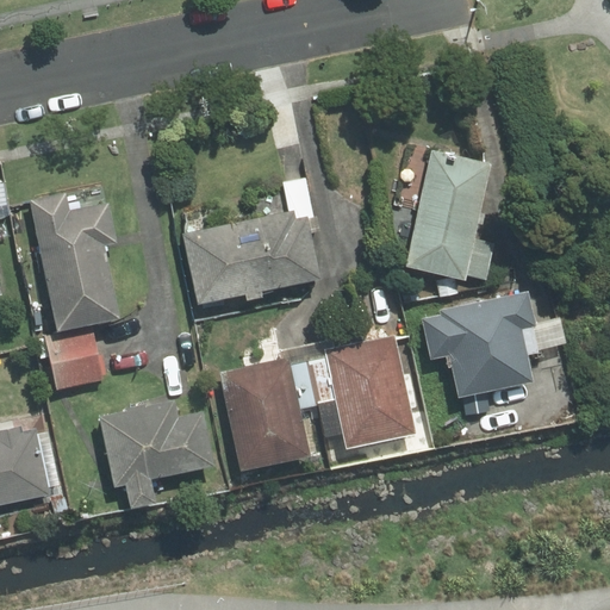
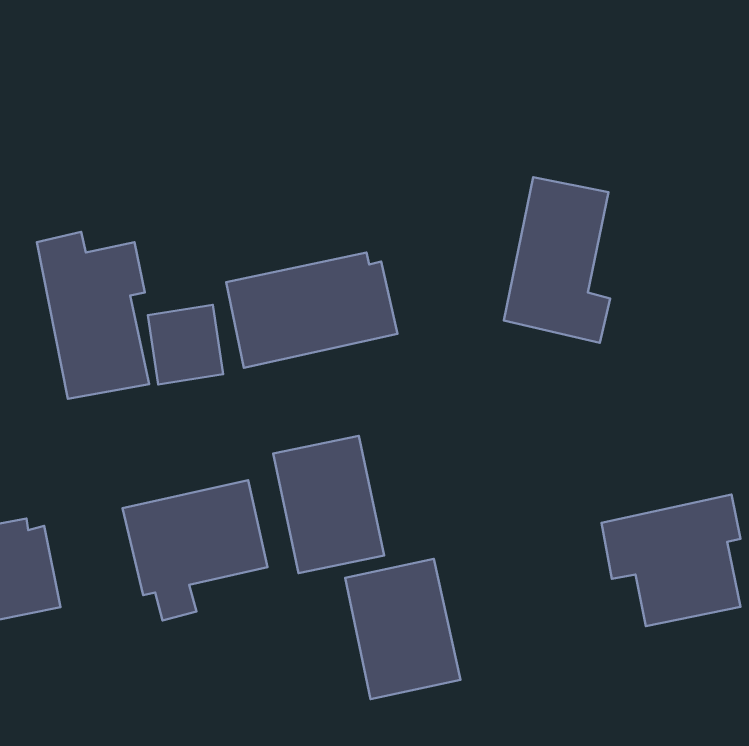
building: [423,291,535,397] -> [602,495,740,626]
building: [44,329,105,393] -> [148,305,223,384]
building: [325,336,418,449] -> [345,559,460,699]

